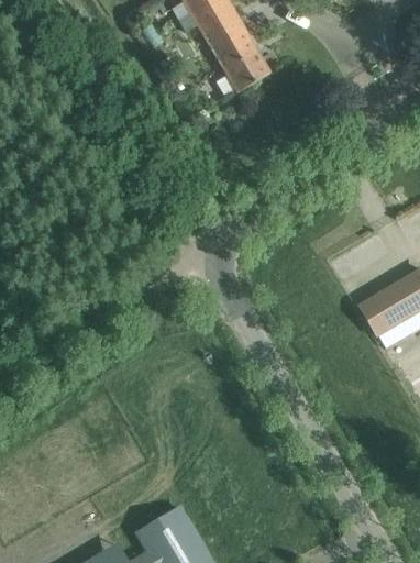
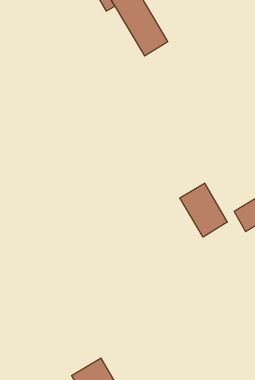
building: none -> [180,183,227,237]

